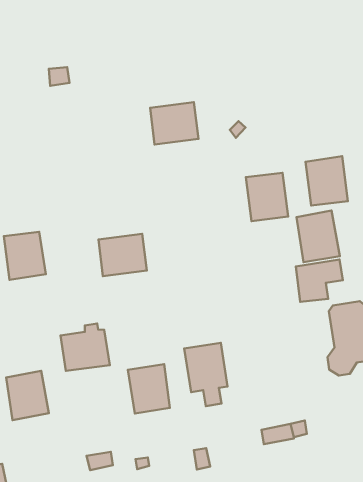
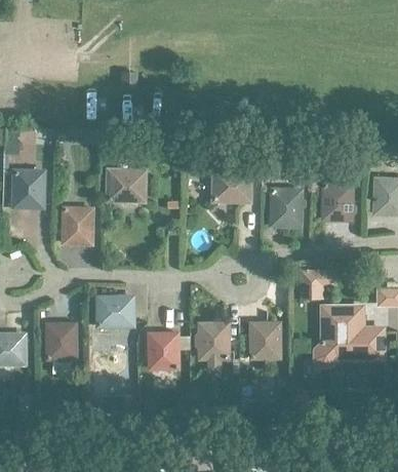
building: [150,102,198,144] -> [211,169,249,201]
building: [296,210,340,262] -> none
building: [98,234,147,276] -> [108,168,146,200]
building: none -> [248,321,279,358]

